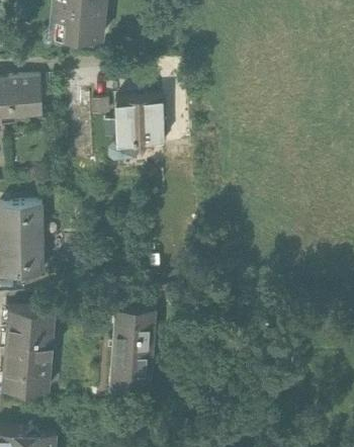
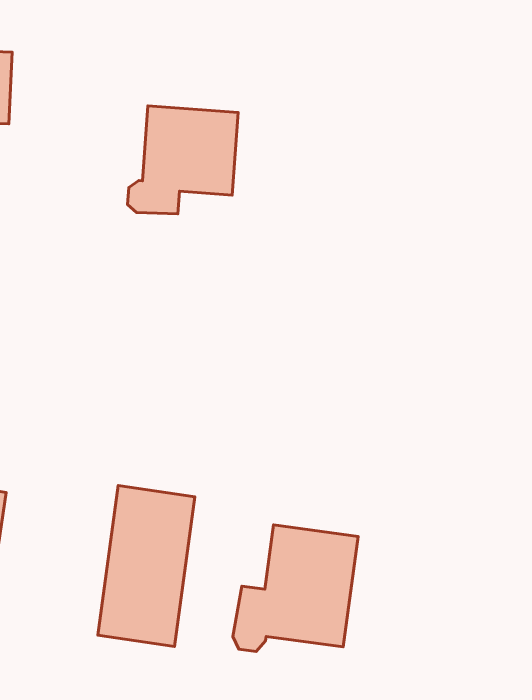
building: none -> [233,525,358,651]

